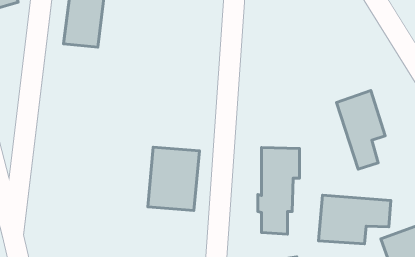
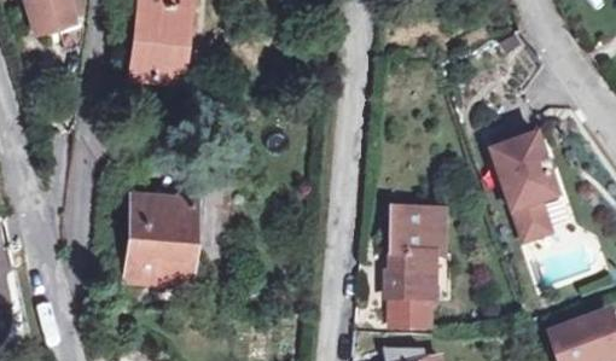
building: [148,147,199,210] -> [123,194,192,279]
building: [318,195,391,244] -> none

